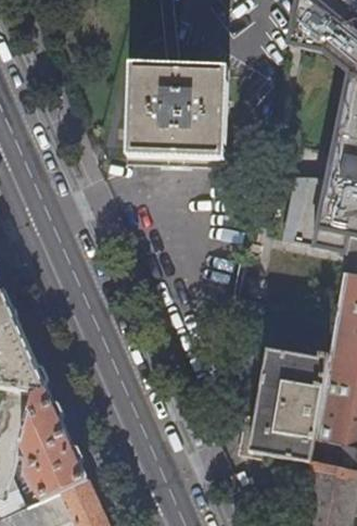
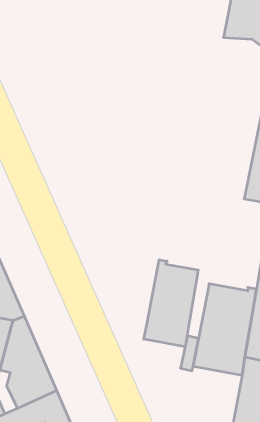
building: [128,65,229,168] -> none
building: none -> [144,260,198,347]

